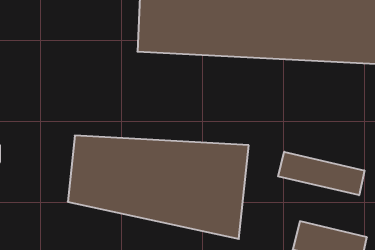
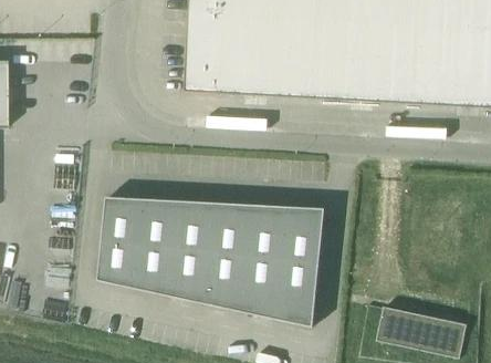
building: [278,152,364,195] -> none

